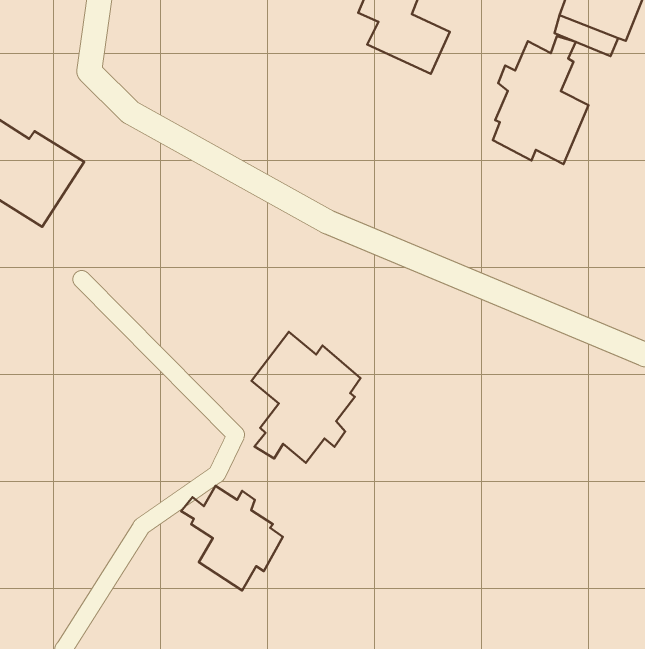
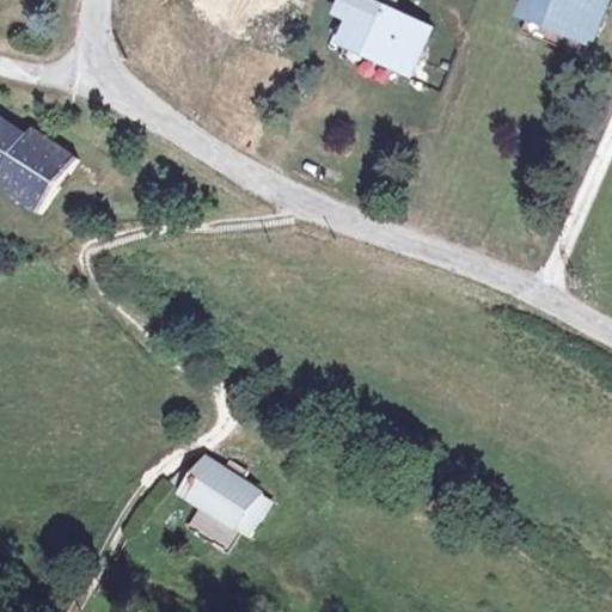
building: [493,36,589,164] -> none
building: [252,332,361,463] -> none

